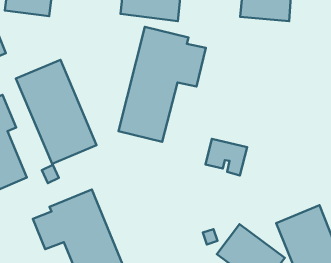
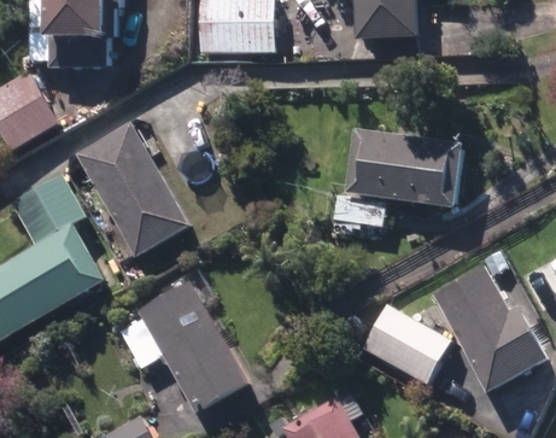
building: [118,27,206,142] -> none
building: none -> [345,129,462,208]

